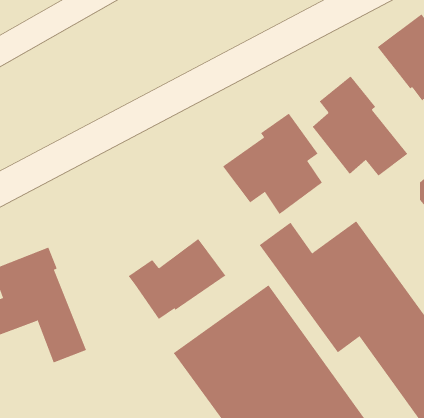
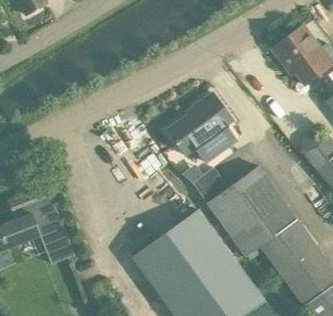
building: [312,76,408,176] -> none
building: [128,238,226,320] -> none

